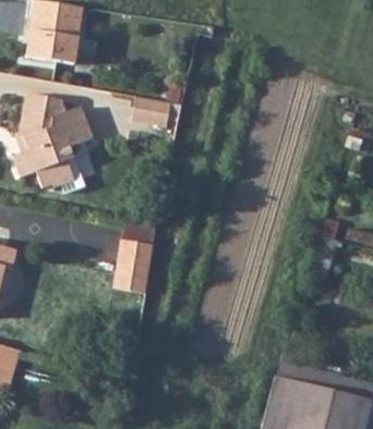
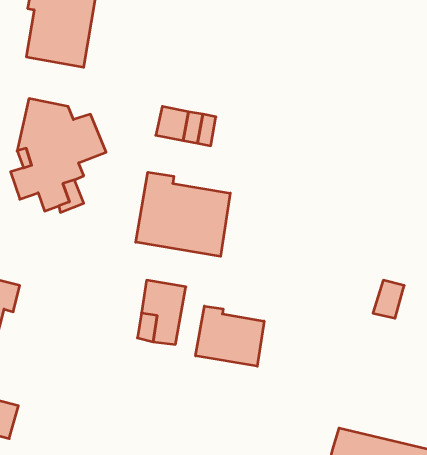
building: none -> [136,172,230,256]
building: none -> [196,306,264,366]

